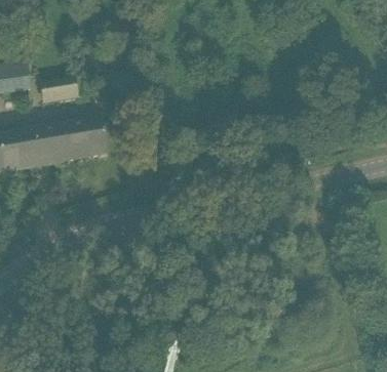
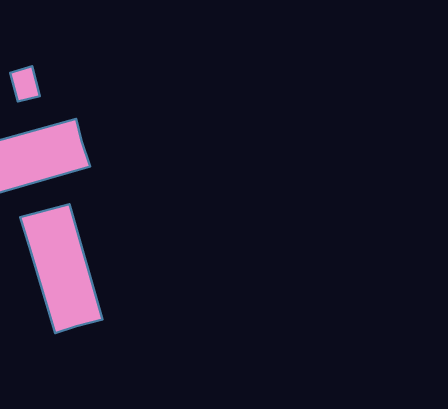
building: none -> [20,204,103,333]

